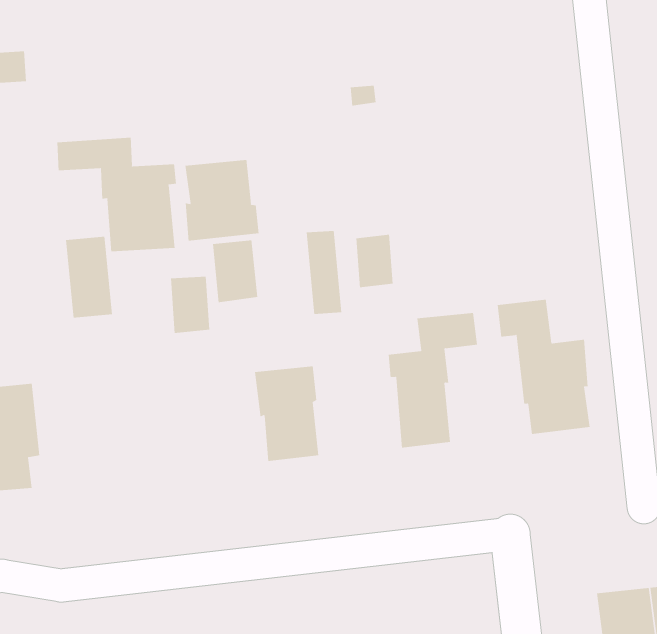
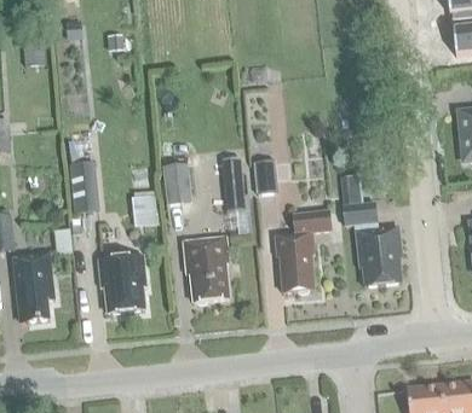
building: [57,137,176,252] -> none
building: [185,159,259,241] -> none
building: none -> [99,255,145,312]

